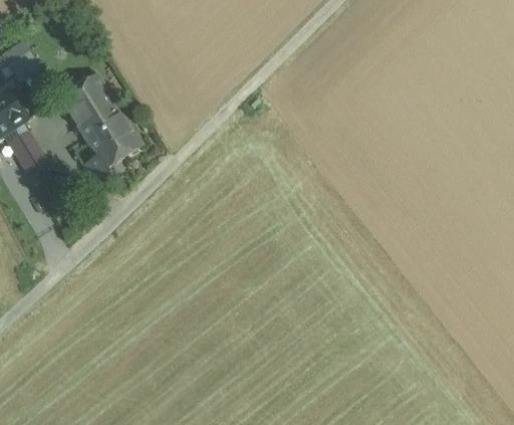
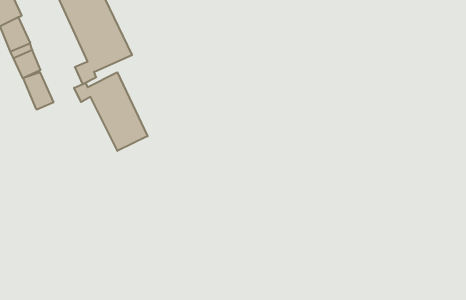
building: none -> [74,72,148,151]
building: none -> [23,72,53,110]

